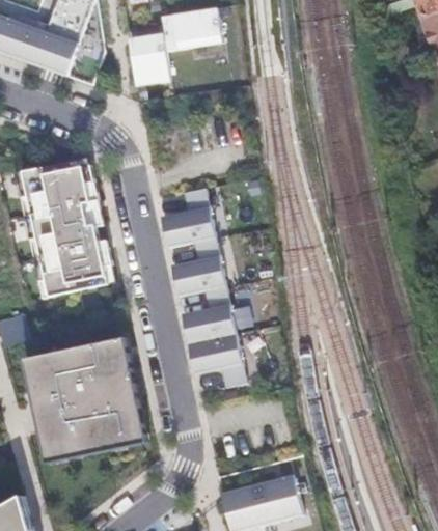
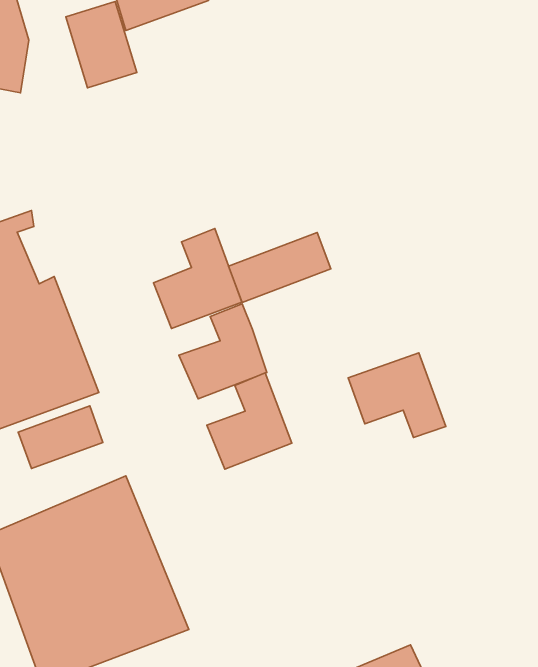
building: none -> [229,233,331,302]
building: none -> [18,406,103,469]
building: [186,333,244,387] -> [348,353,446,438]

